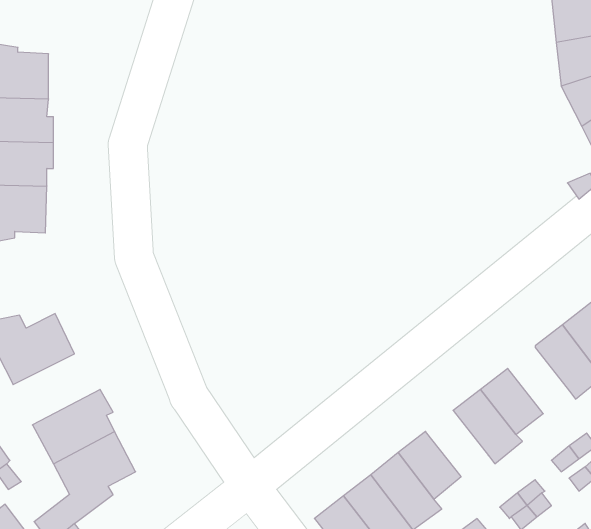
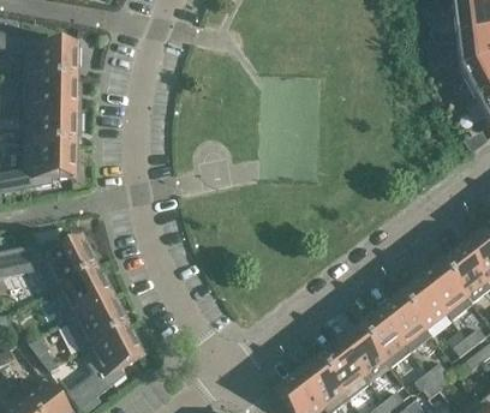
building: none -> [419,264,470,318]
building: none -> [50,269,115,322]
building: none -> [358,311,410,366]

